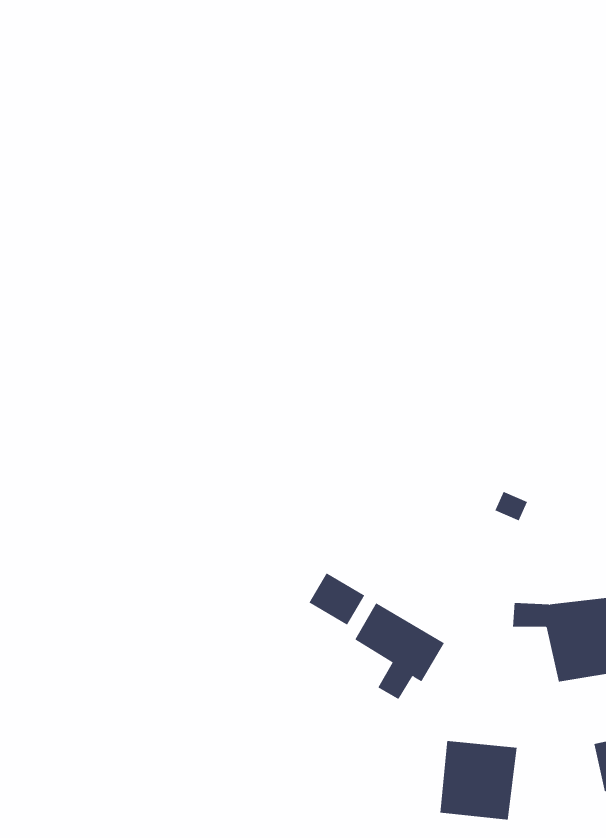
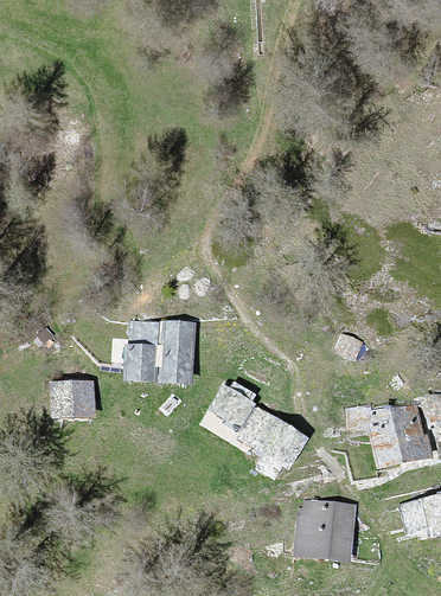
building: none -> [128,320,158,377]
building: none -> [161,322,194,379]
building: none -> [53,380,92,414]

